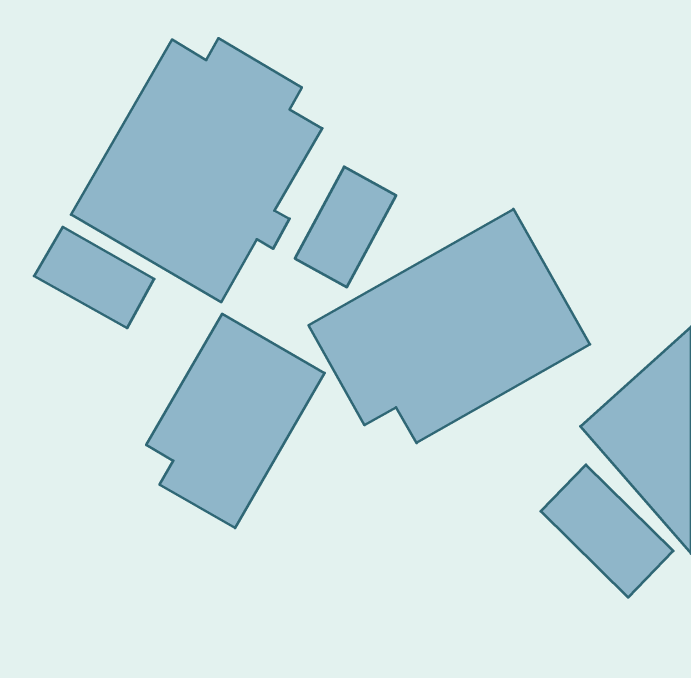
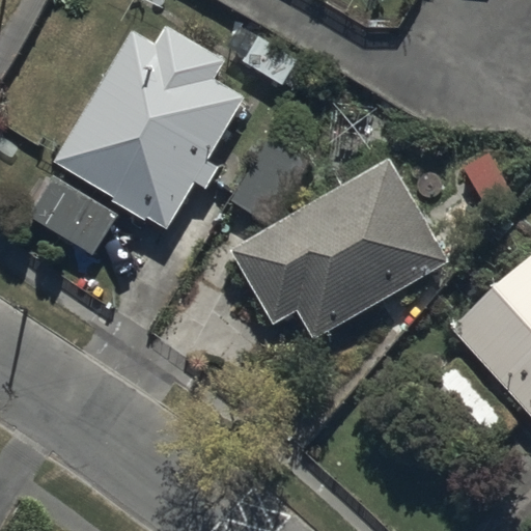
building: [146,314,325,528] -> none

